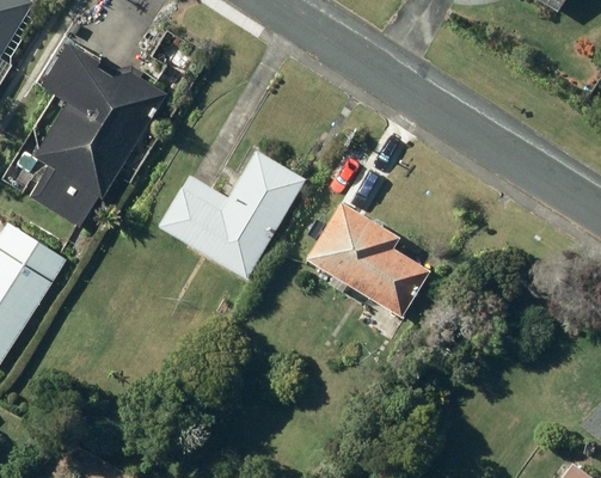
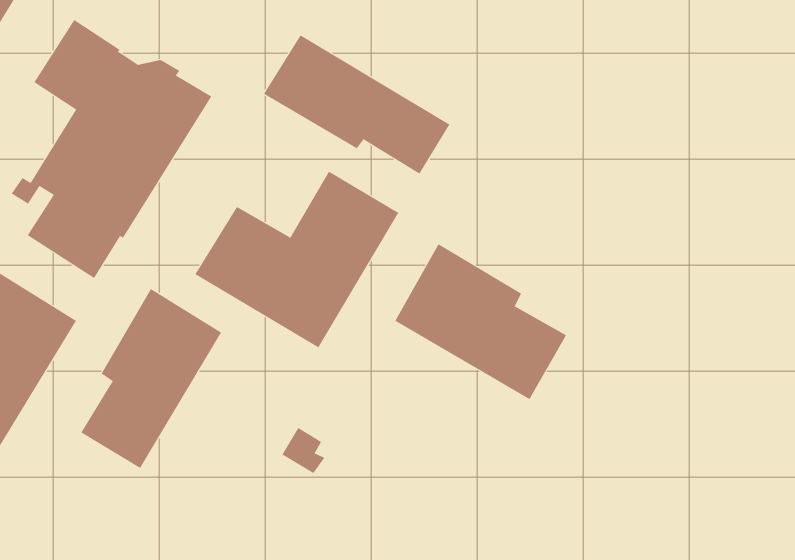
building: none -> [263,35,450,174]
building: none -> [80,288,222,469]

